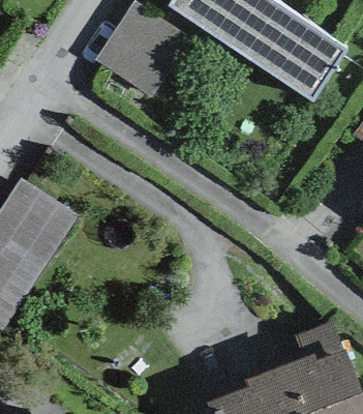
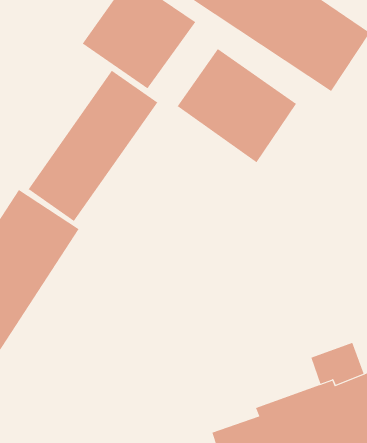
building: none -> [177,48,297,163]
building: none -> [28,70,158,222]

